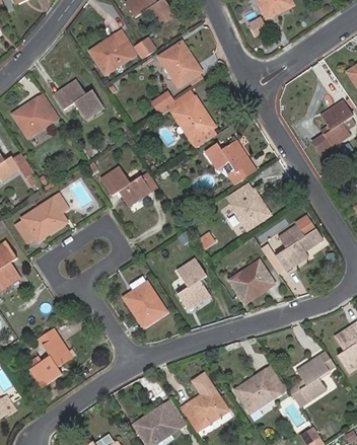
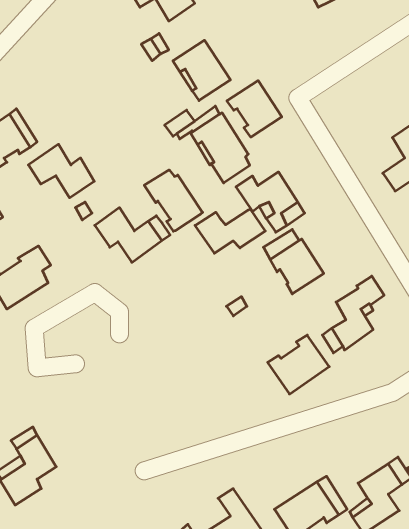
building: [89,31,136,75] -> none
building: none -> [227,81,282,137]
building: [54,80,102,120] -> [28,144,94,198]
building: none -> [144,170,203,231]
building: none -> [195,209,265,253]
building: [176,259,208,310] -> none
building: [124,282,165,327] -> none

